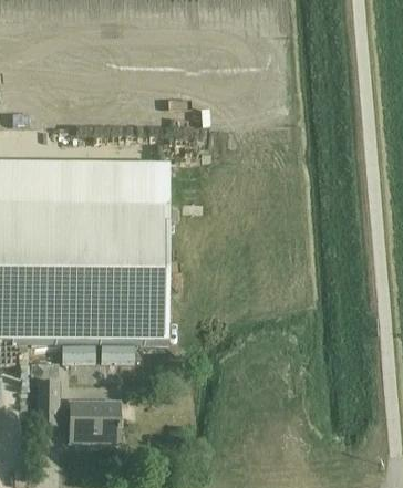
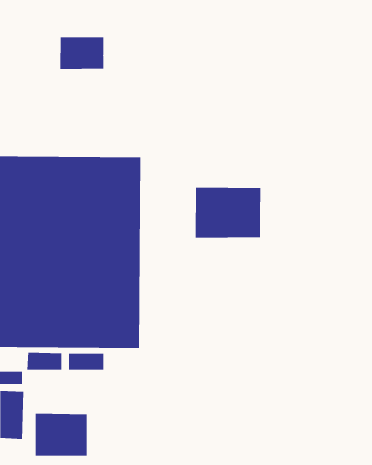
building: none -> [60,36,104,70]
building: none -> [195,187,261,239]

